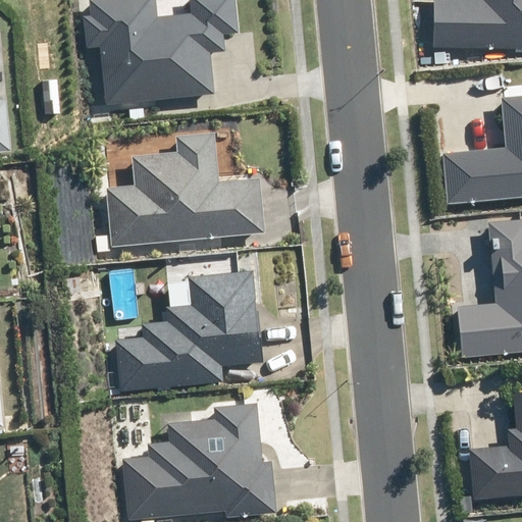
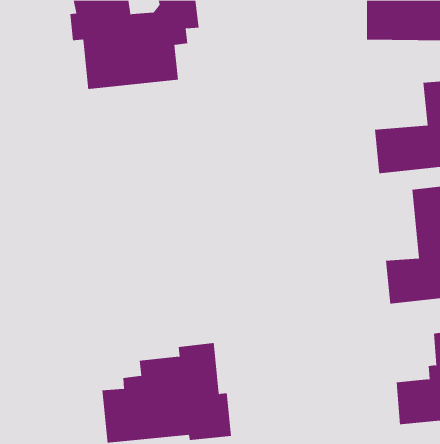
building: [108,132,264,246] -> none
building: [116,270,260,390] -> none

